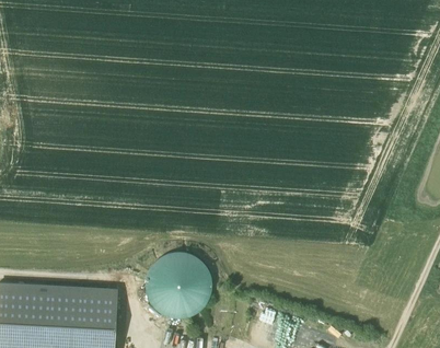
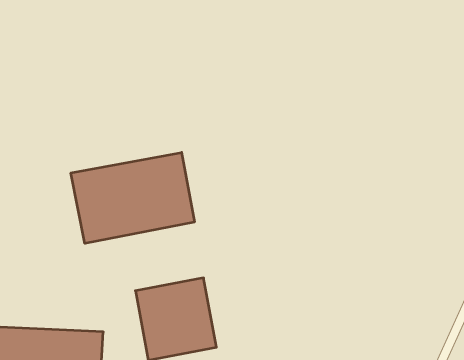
building: none -> [71,152,194,243]

